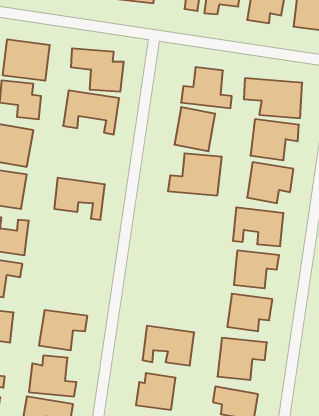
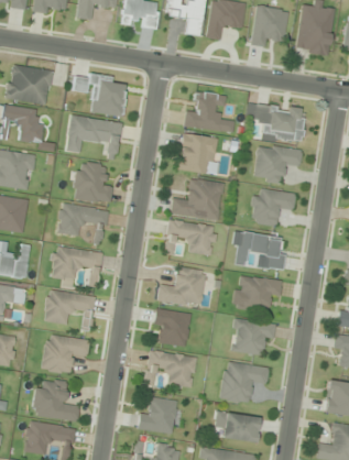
building: none -> [73,162,112,204]
building: none -> [164,220,217,258]
building: none -> [51,245,105,288]
building: none -> [156,266,207,308]
building: none -> [44,291,97,329]
building: none -> [154,310,190,347]

